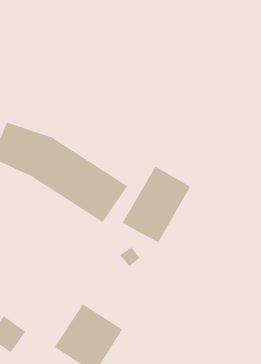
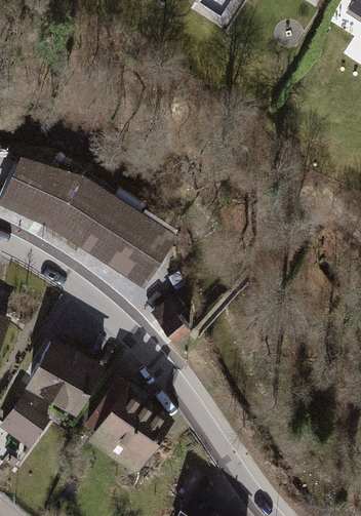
building: [121,165,191,244] -> none
building: none -> [22,336,102,415]

